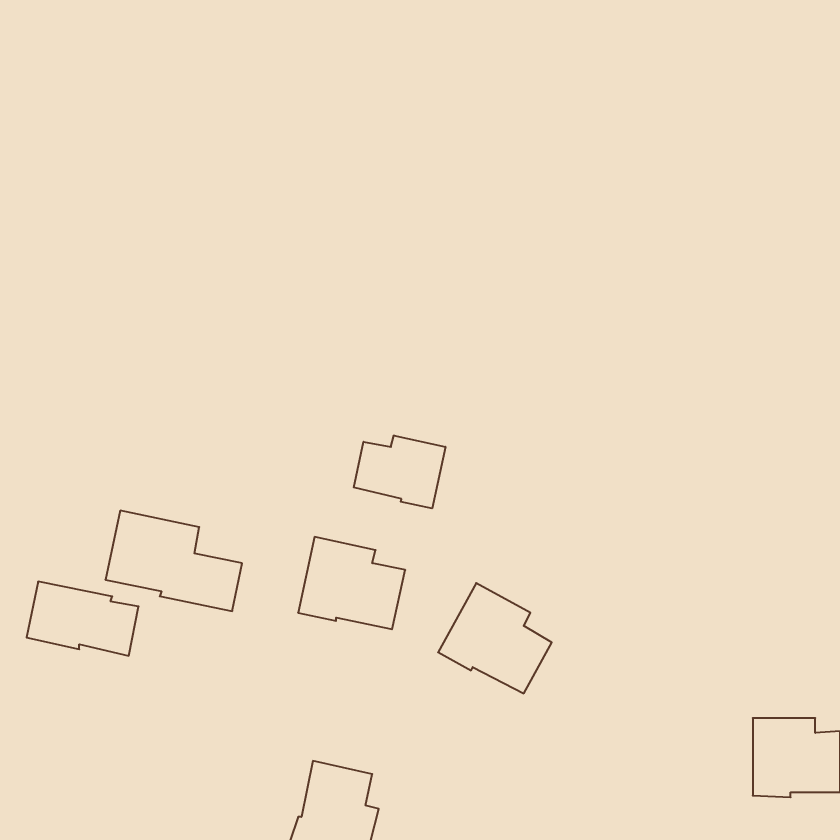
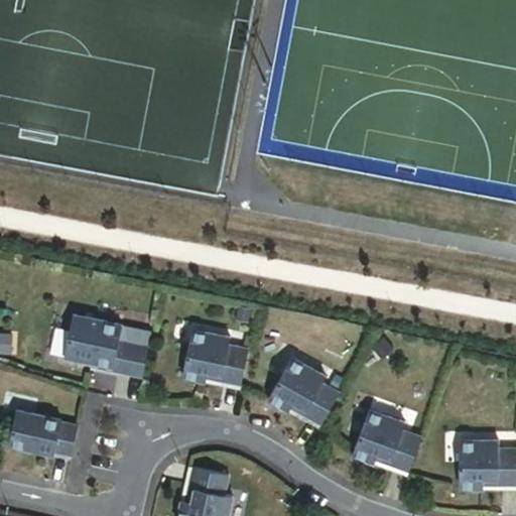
building: [354,435,445,508] -> none
building: [27,582,139,656] -> [9,410,78,456]
building: none -> [354,408,421,471]

